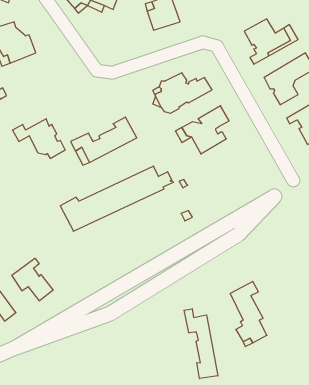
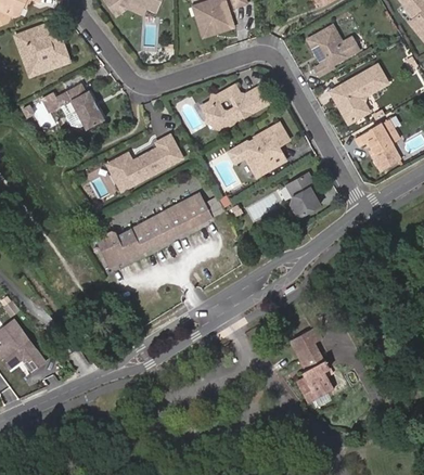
building: [12,119,65,158] -> [41,85,102,130]
building: none -> [286,174,321,219]
building: [12,258,53,301] -> none
building: [184,309,218,379] -> none

